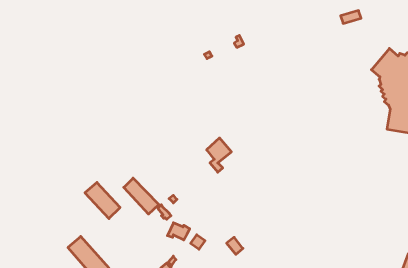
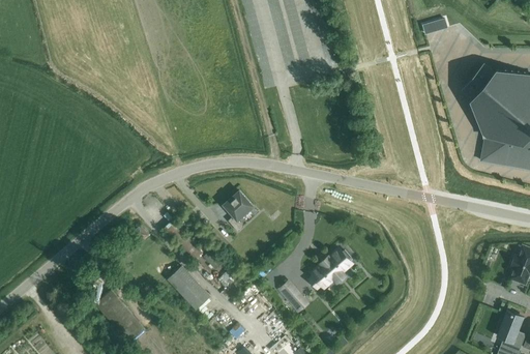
building: [207,138,231,172] -> [224,191,254,233]
building: [85,182,120,219] -> [168,267,210,311]
building: none -> [310,249,352,290]

